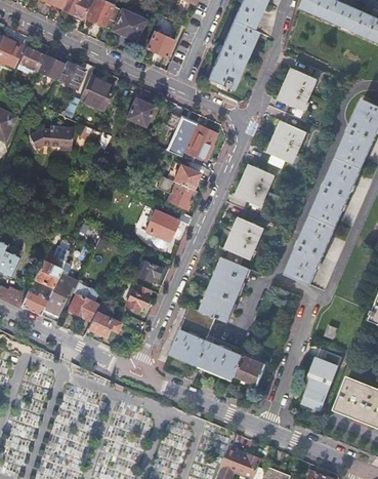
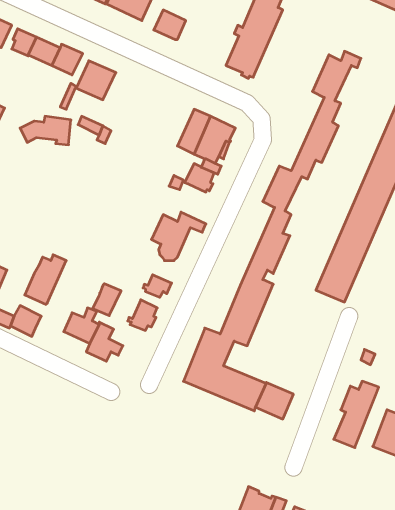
building: [125,98,153,125] -> none
building: [166,183,195,209] -> none
building: [43,286,68,314] -> [93,284,121,316]

